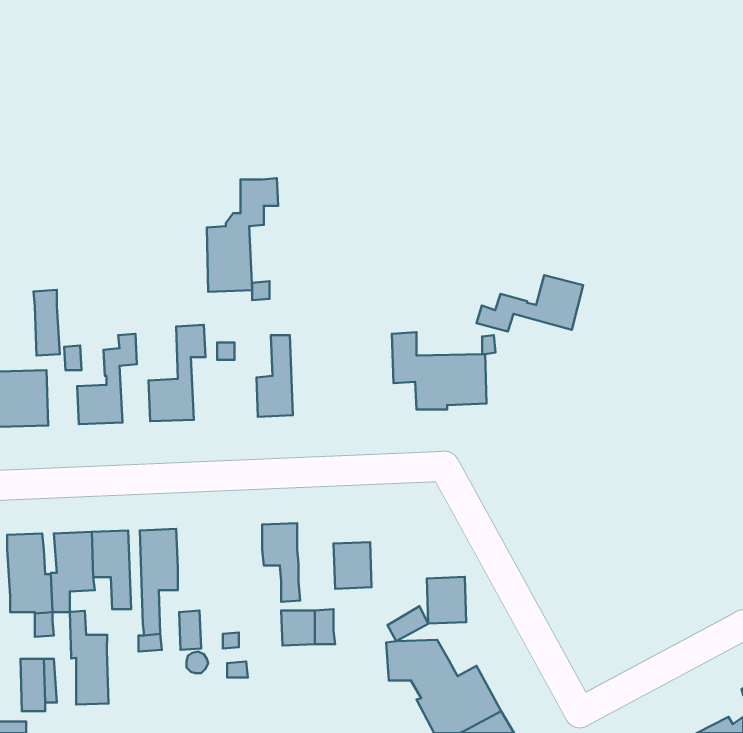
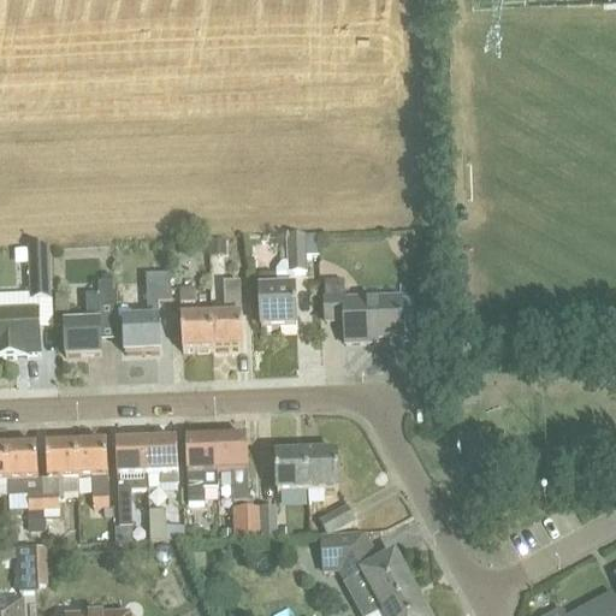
building: [207,178,278,292] -> [259,229,318,322]
building: [476,275,583,332] -> none
building: none -> [180,312,213,345]
building: none -> [185,433,218,499]
building: none -> [146,436,177,485]
building: [427,577,466,624] -> [306,446,338,485]
building: [70,611,109,704] -> none

